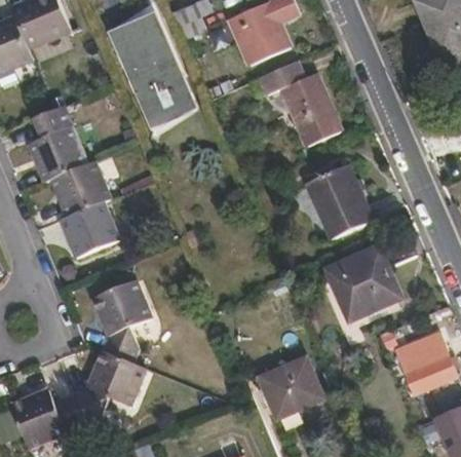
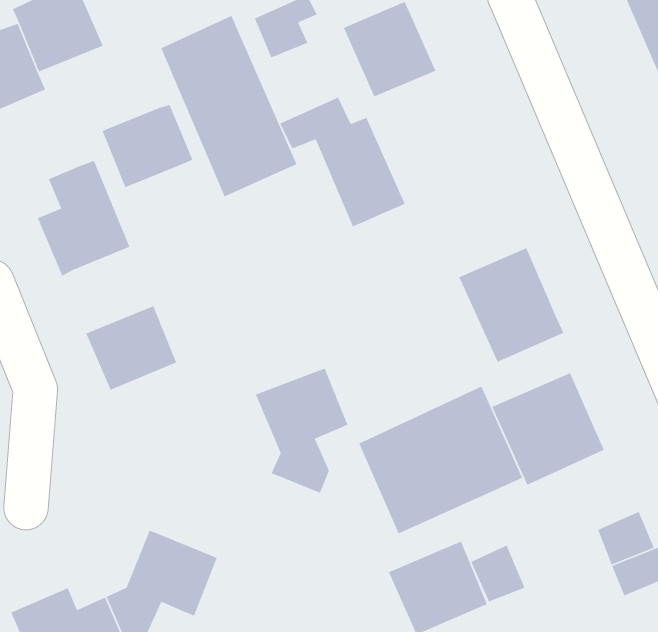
building: [258,60,341,146] -> [279,97,406,228]
building: [50,161,111,217] -> [101,104,193,188]
building: none -> [358,386,523,535]
building: [90,279,152,363] -> [255,368,349,494]
building: none -> [470,545,526,603]

